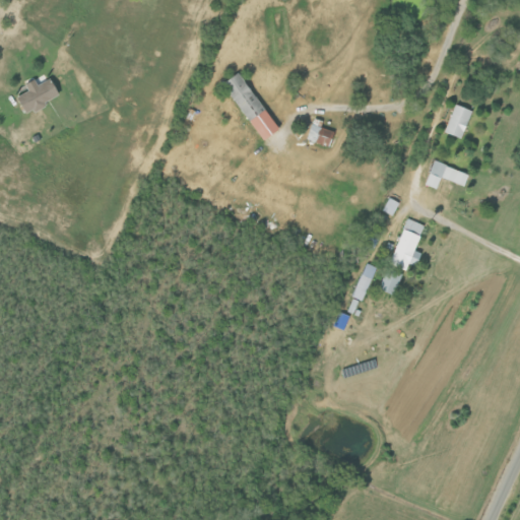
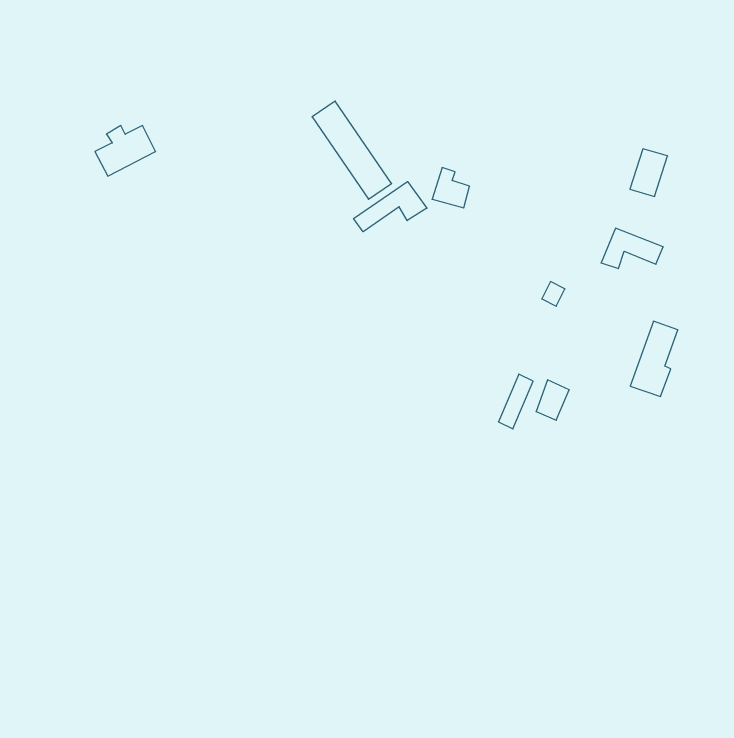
building: [16,78,59,114] -> [95,126,156,176]
building: none -> [354,182,427,232]
building: [391,218,425,271] -> [630,321,678,396]

